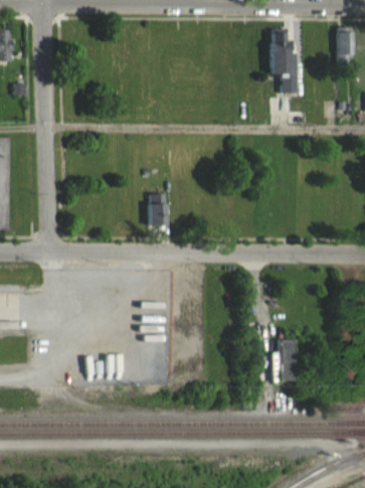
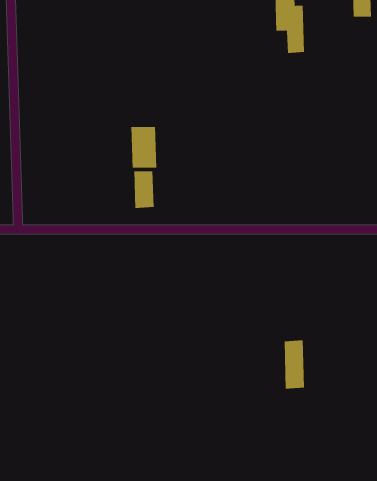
building: none -> [131,126,157,168]

